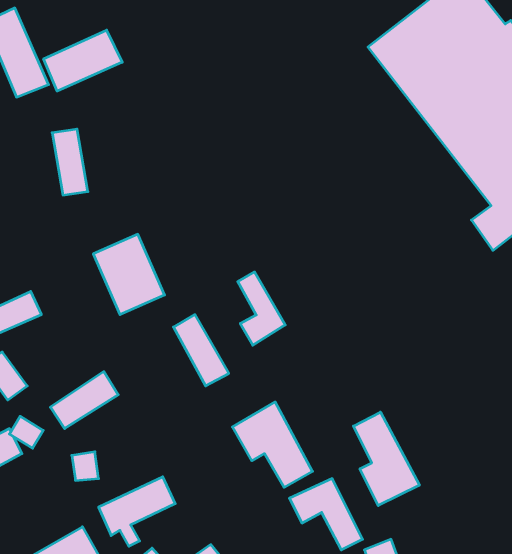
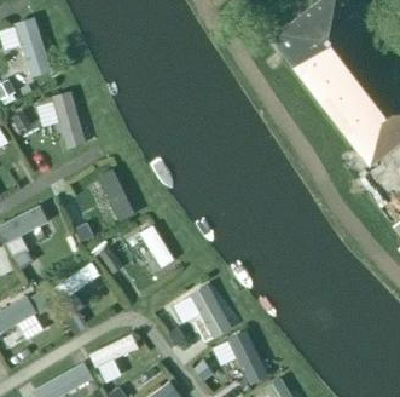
building: [44,30,122,91] -> none
building: [238,272,285,345] -> none
building: [353,412,419,506] -> none

